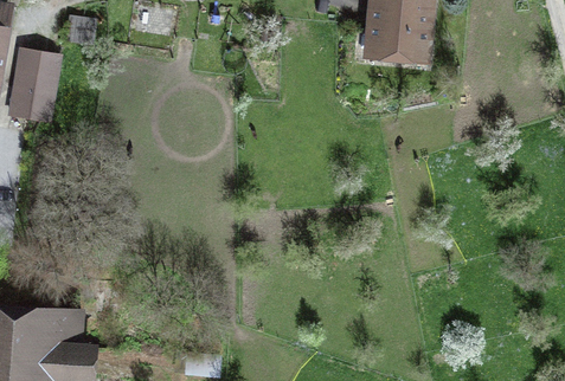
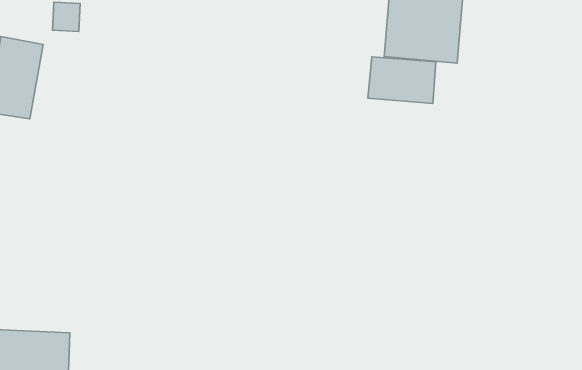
building: none -> [368,57,436,104]

